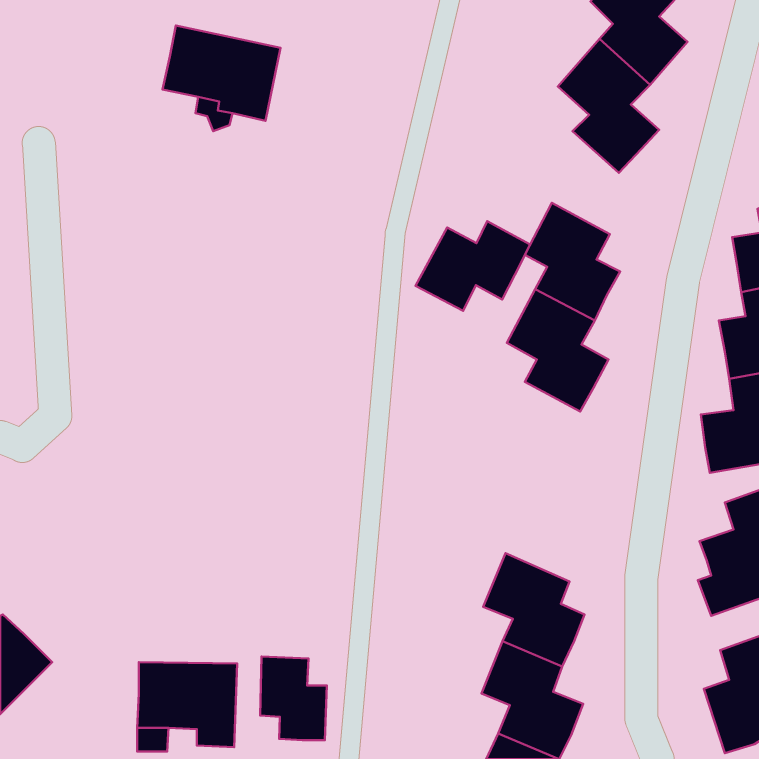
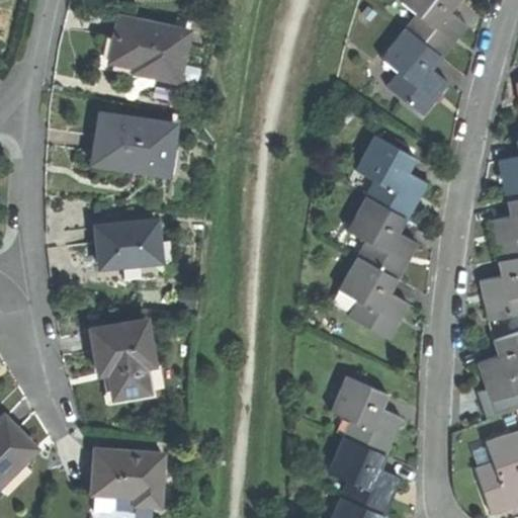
building: none -> [94,115,177,176]
building: [415,221,530,311] -> none
building: none -> [96,220,160,266]
building: none -> [340,259,404,341]
building: none -> [92,321,154,396]
building: [260,656,327,740] -> none

